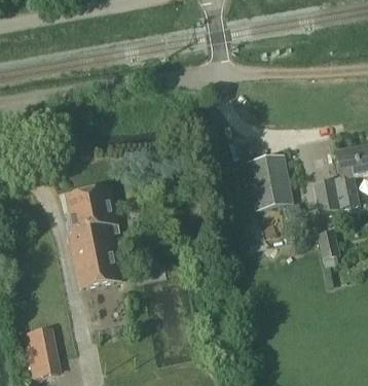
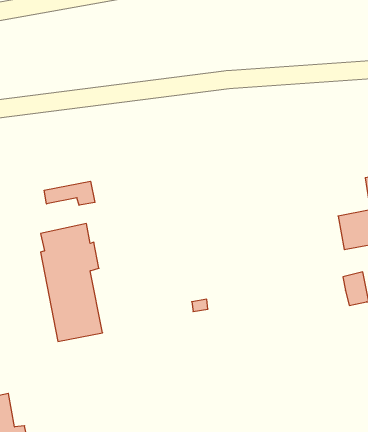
building: [247,152,293,209] -> none
building: none -> [44,181,95,205]

